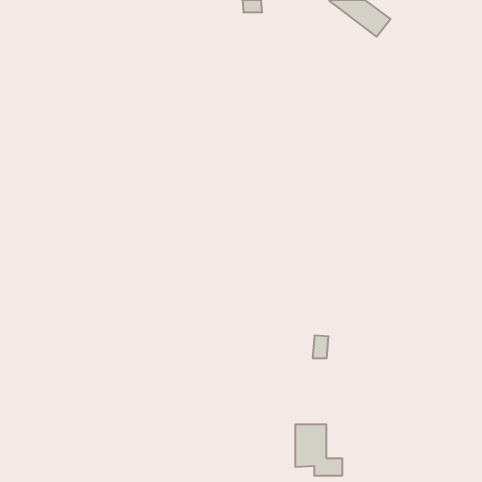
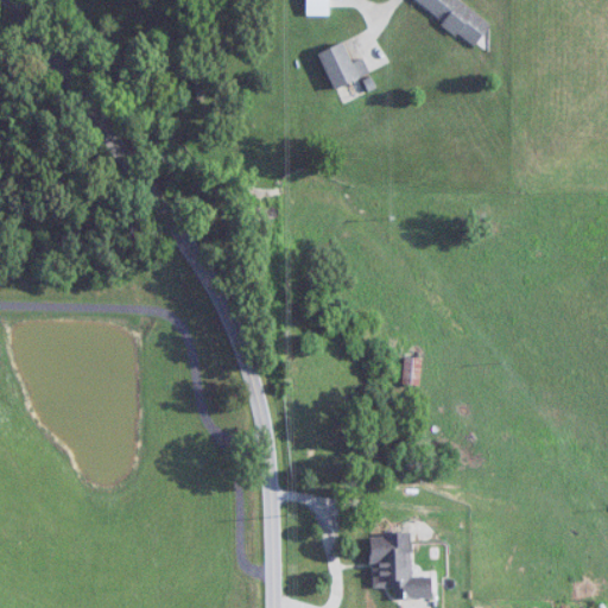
building: none -> [318,42,360,89]
building: [313,336,329,358] -> [403,356,423,385]

